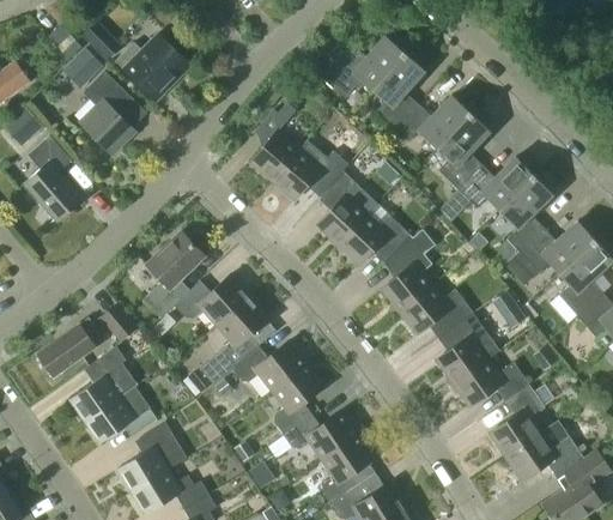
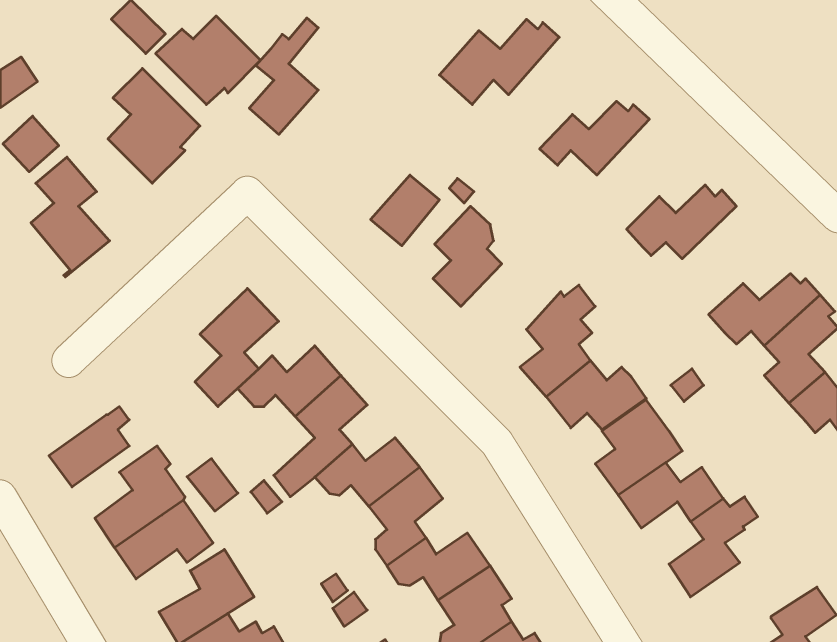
building: [62,48,103,89] -> none
building: [371,49,424,131] -> none
building: [249,97,299,182] -> [249,18,318,134]
building: [436,109,490,189] -> none
building: [498,173,552,252] -> none
building: [336,214,409,265] -> none
building: [99,304,136,343] -> [187,459,238,511]
building: [504,433,583,480] -> none

